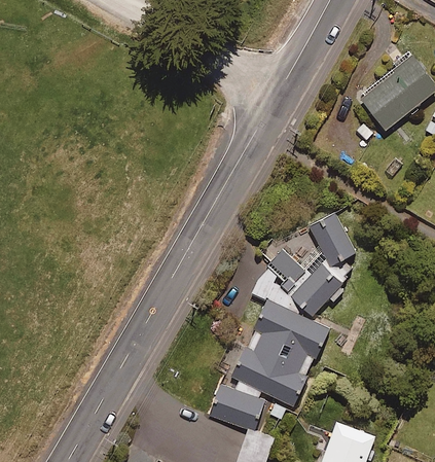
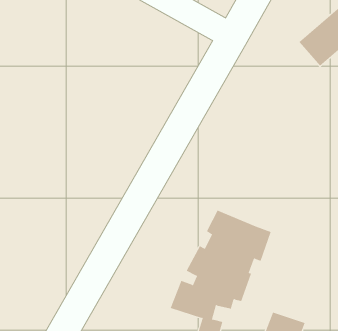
building: [250,212,356,322] -> none

